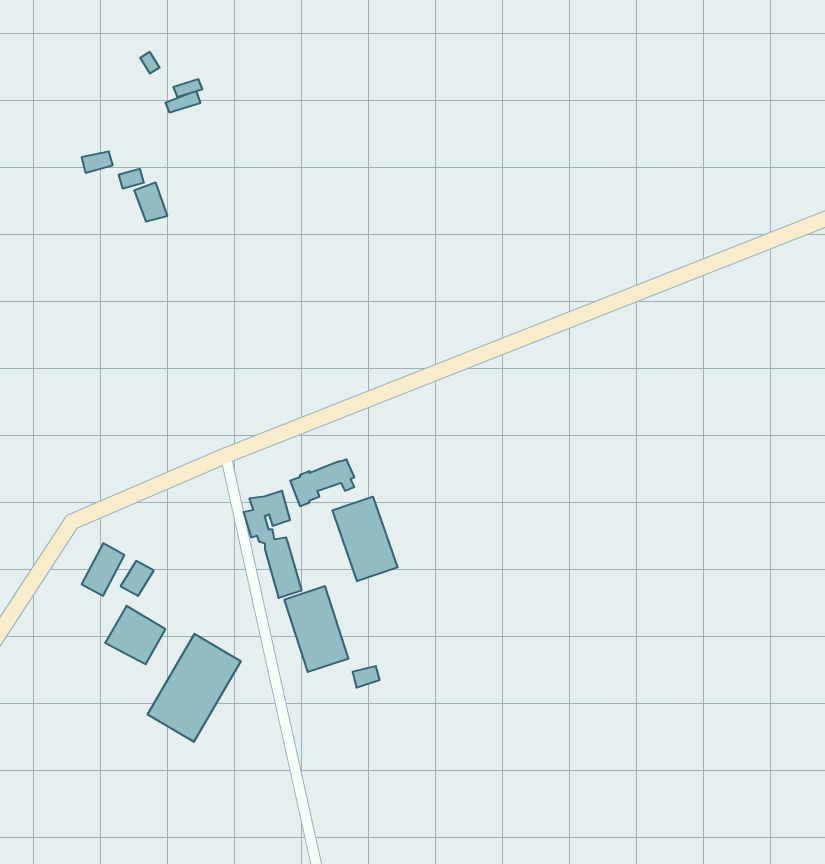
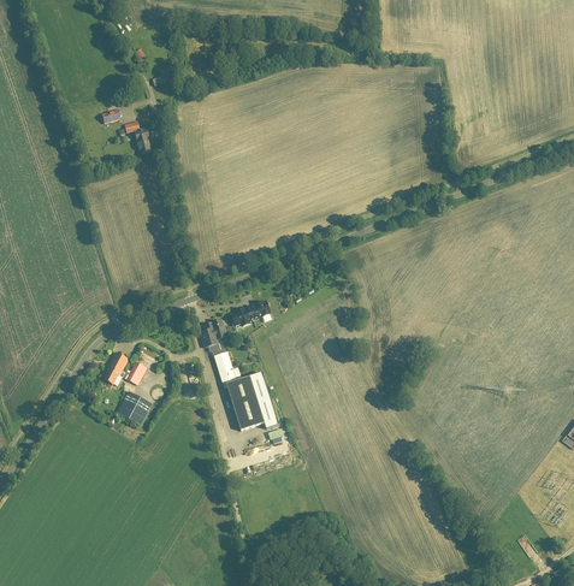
building: [332,497,398,581] -> none
building: [148,634,241,742] -> none

